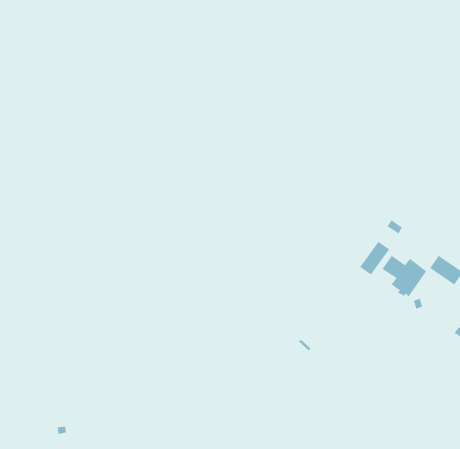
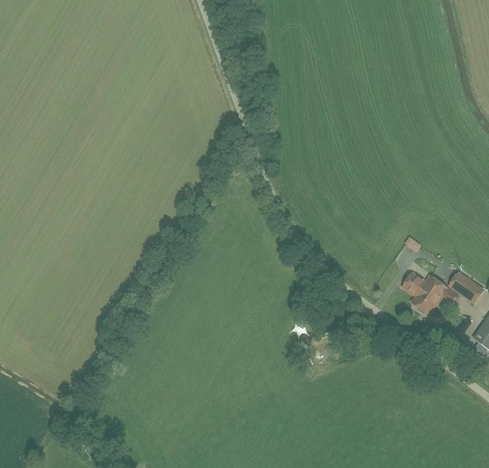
building: [359,241,390,275] -> none

